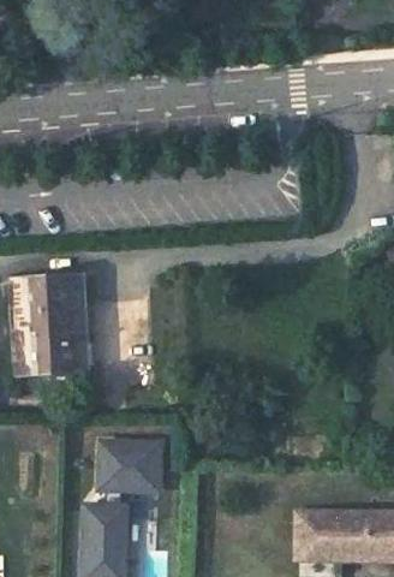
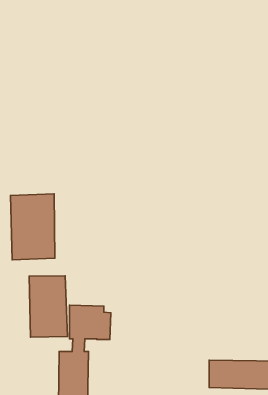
building: none -> [29,276,67,337]

